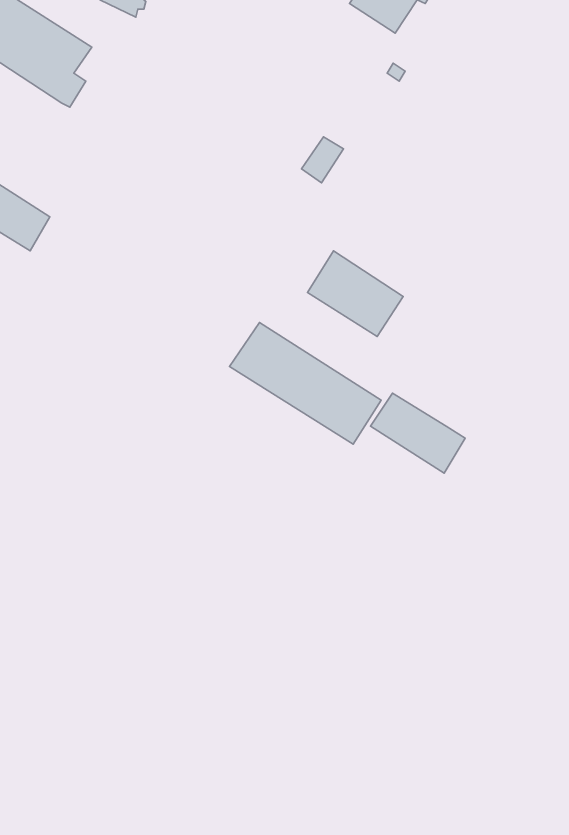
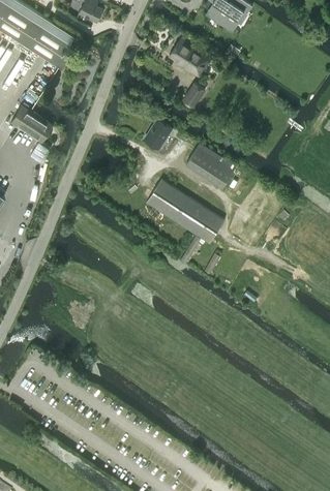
building: none -> [169,37,209,76]
building: none -> [144,119,172,149]
building: [370,393,465,473] -> none

